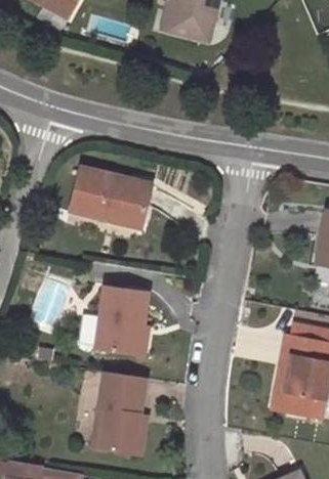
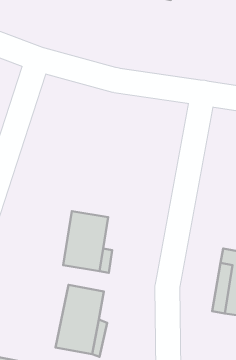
building: [70,177,152,224] -> none

